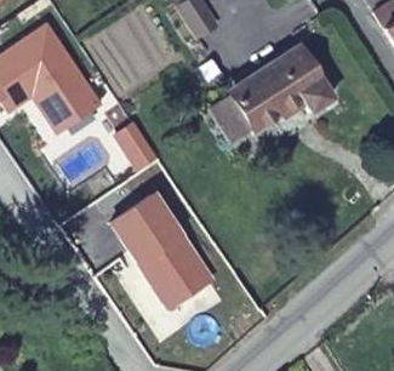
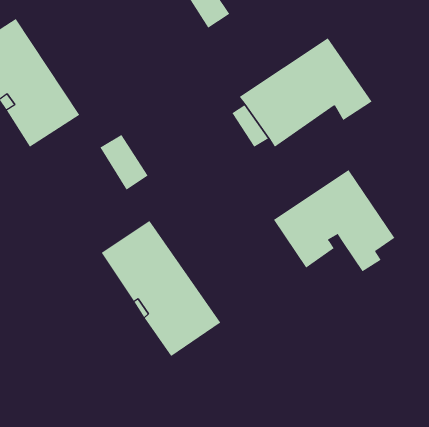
building: none -> [273,169,395,272]

